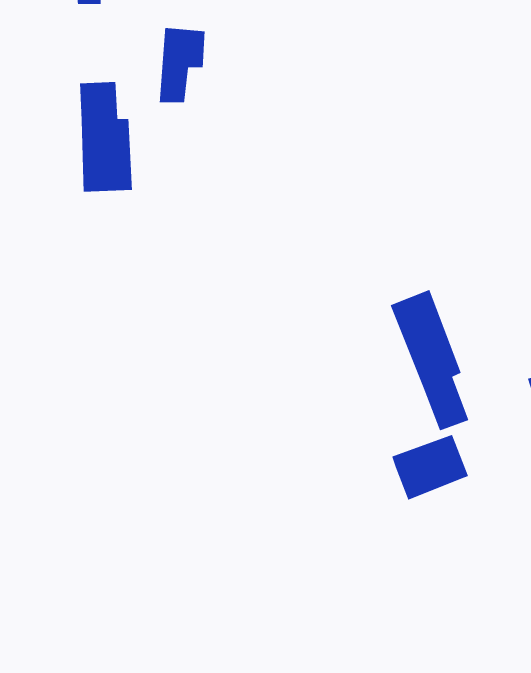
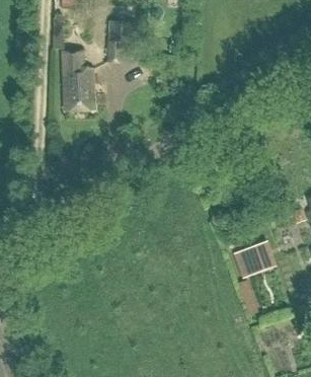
building: [390,289,469,431] -> none

